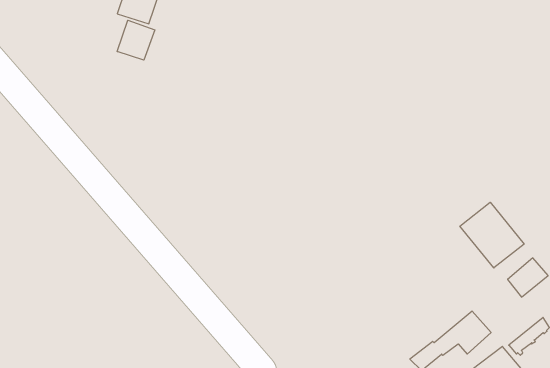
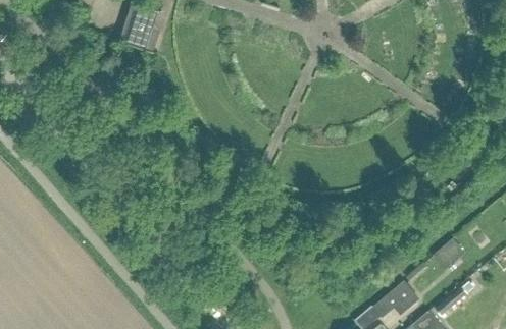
building: [117,20,155,60] -> none
building: [460,202,524,268] -> none

